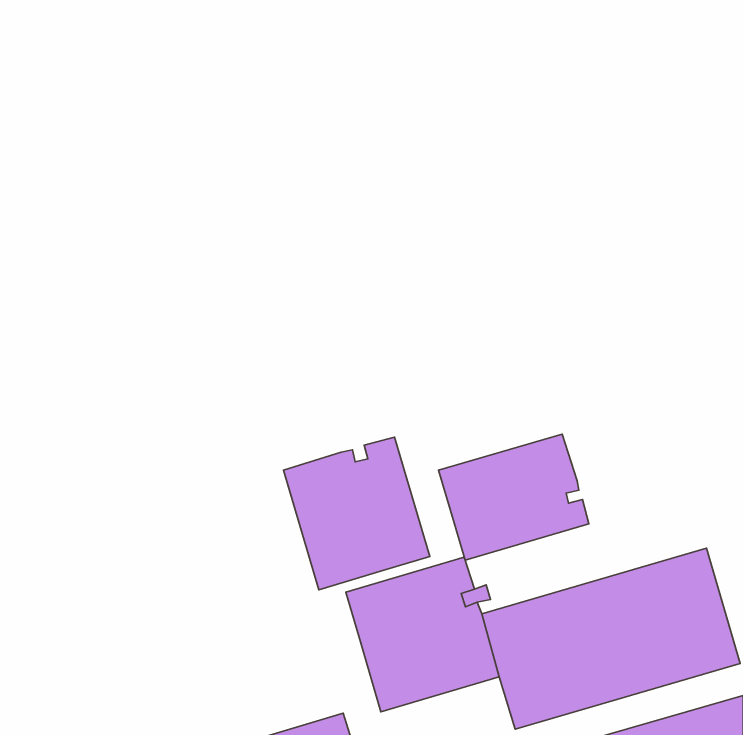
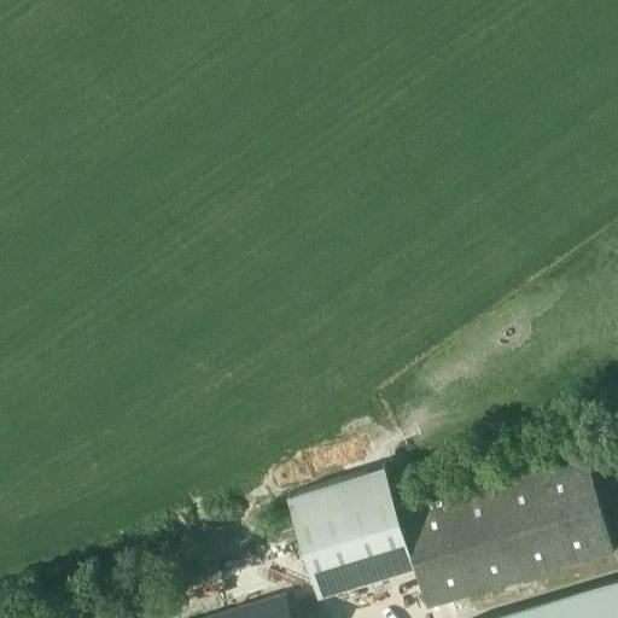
building: [438,434,589,560] -> none
building: [284,437,430,590] -> none

